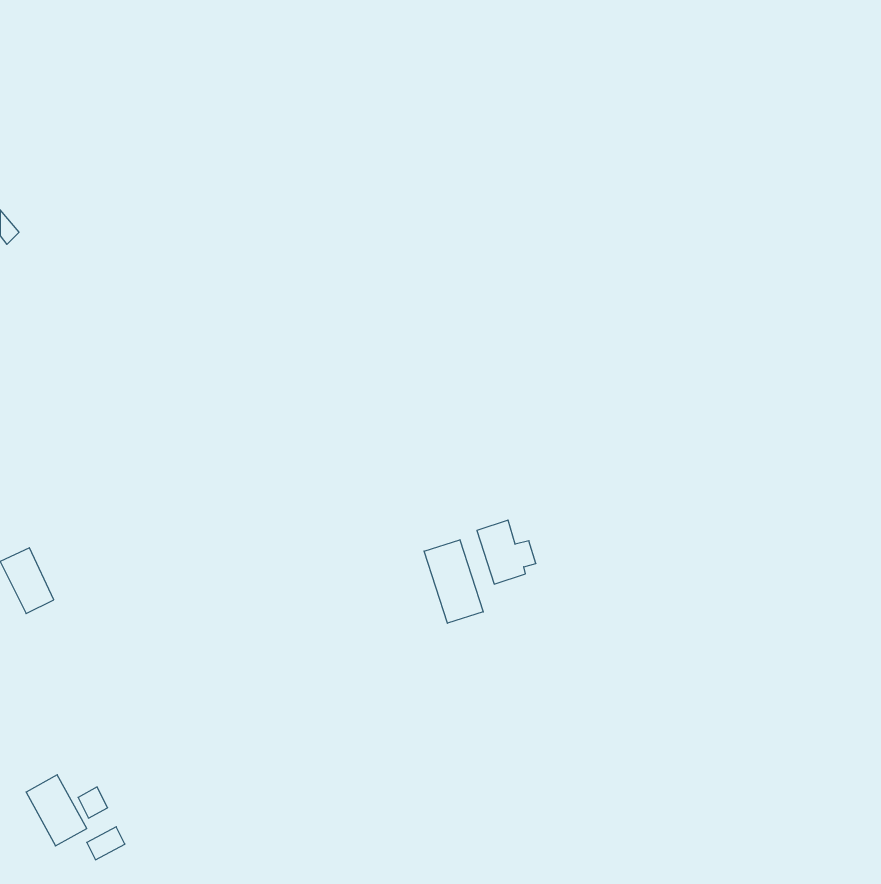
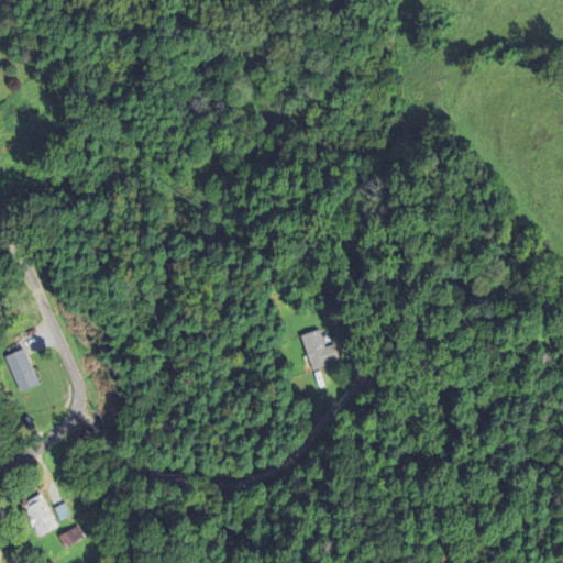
building: [424,540,483,623] -> none

